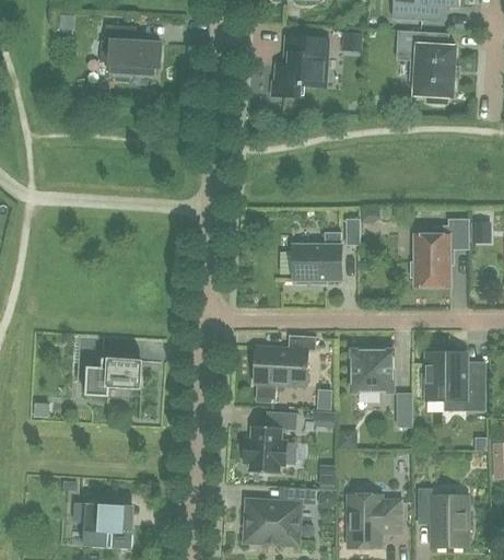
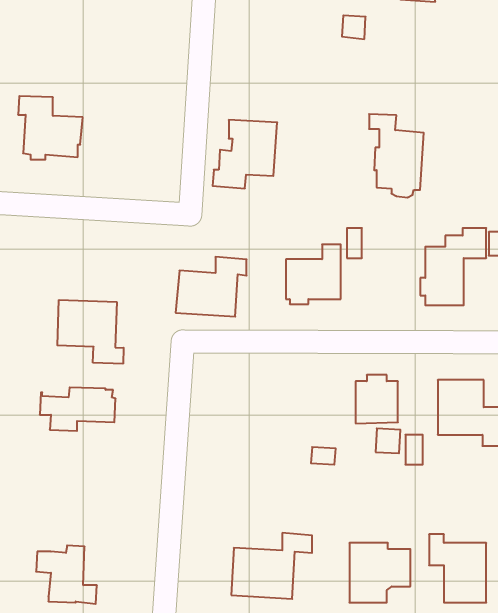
building: [105,24,162,80] -> [18,96,83,160]
building: [408,30,456,103] -> [369,114,424,197]
building: [271,36,328,96] -> [213,120,277,188]
building: none -> [57,300,124,364]
building: [254,334,316,386] -> [176,257,247,317]
building: [243,410,297,472] -> none

